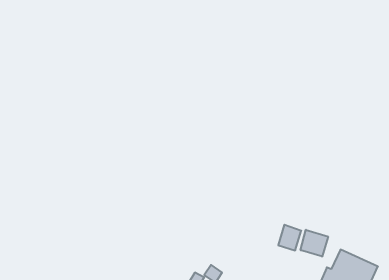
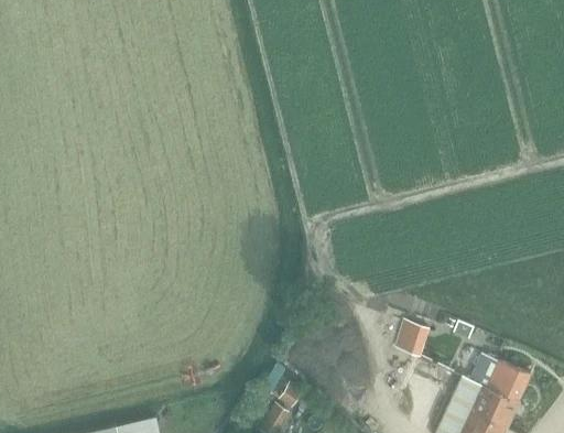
building: [301,230,328,257] -> none

